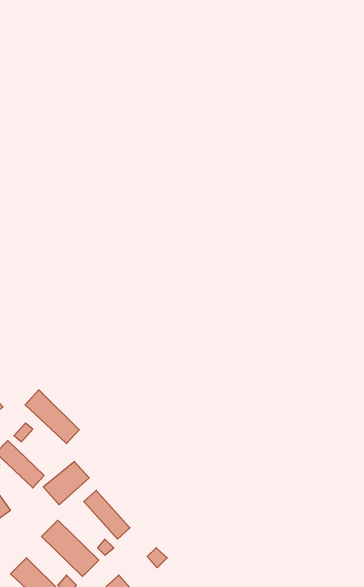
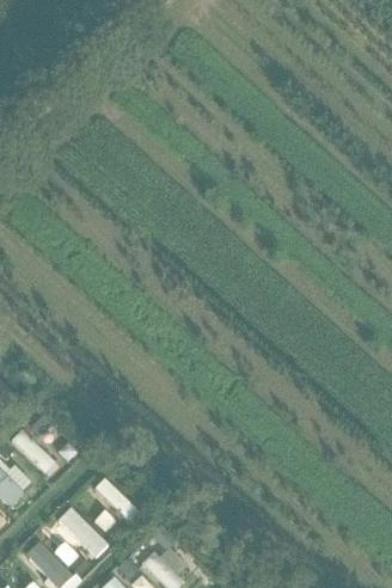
building: [25,390,79,444] -> none
building: [43,461,89,505] -> none

